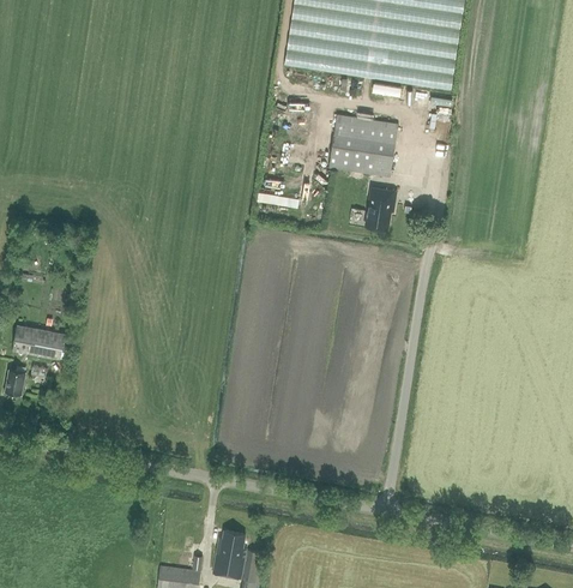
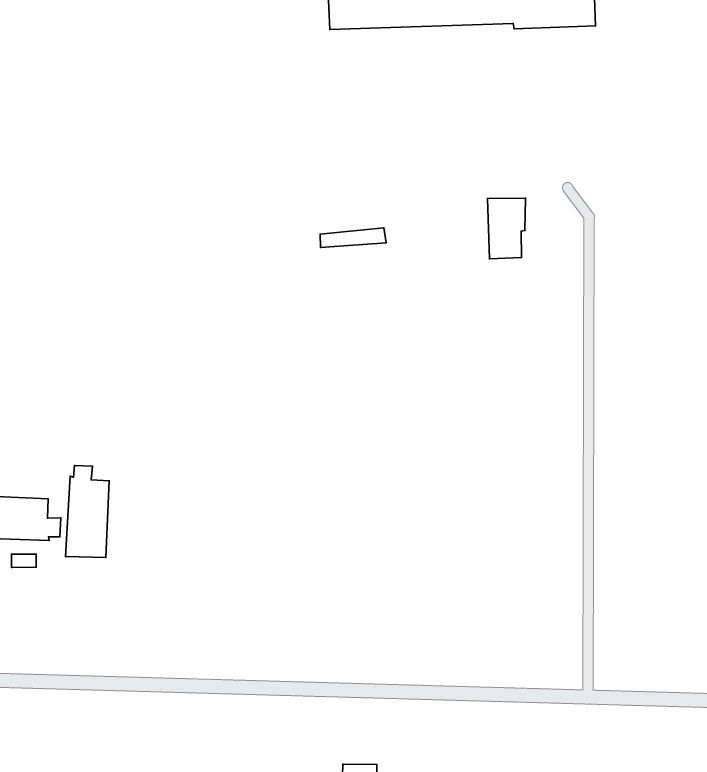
building: [326,114,396,176] -> none
building: none -> [66,465,109,557]

